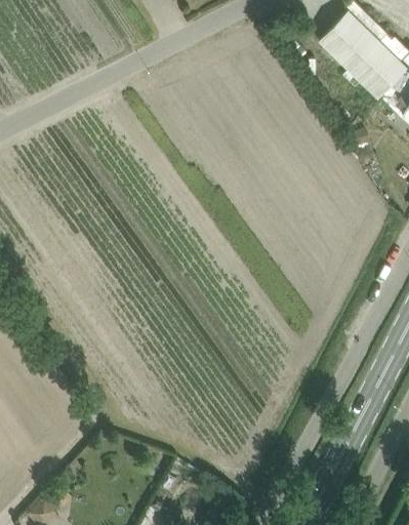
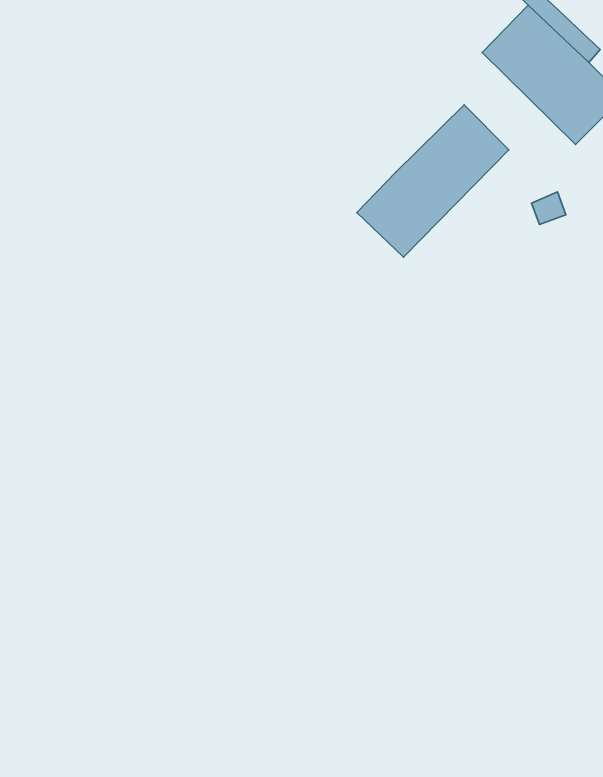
building: none -> [357,105,509,257]

